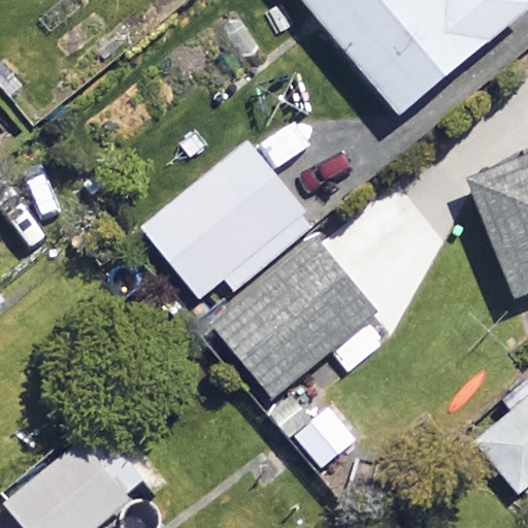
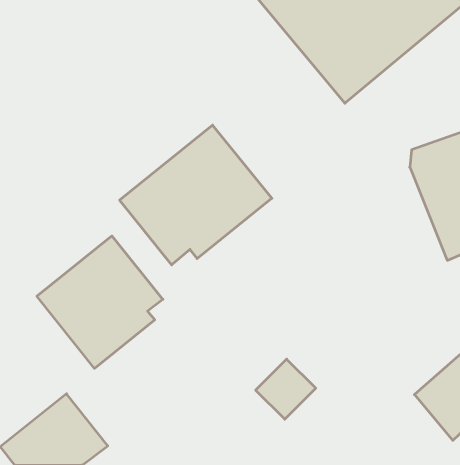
building: [211,238,376,398] -> none
building: none -> [37,236,163,368]

